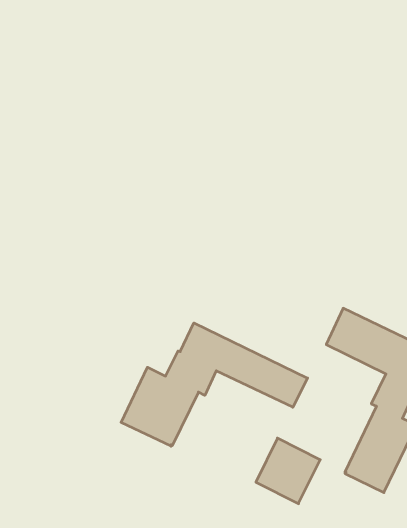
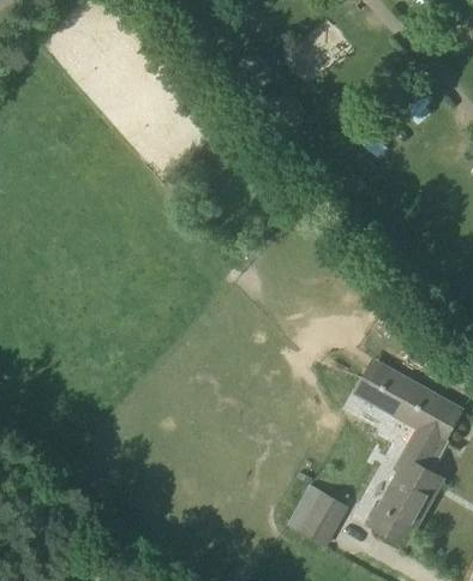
building: [121,323,308,446] -> none

